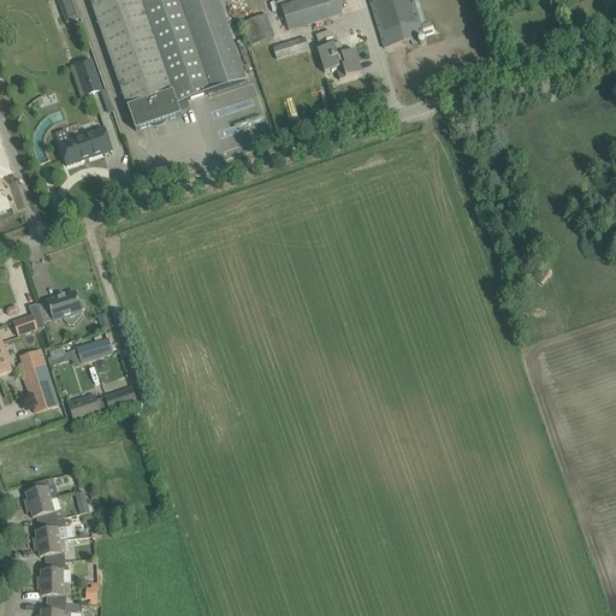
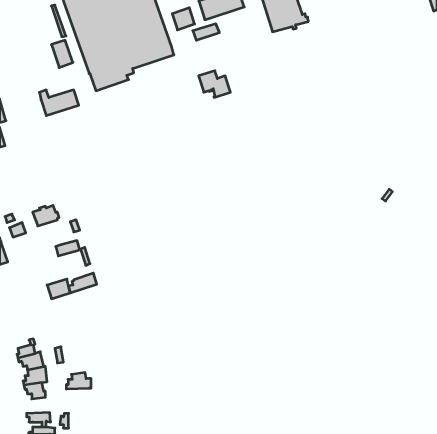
building: [316,40,361,77] -> [199,71,230,97]
building: [16,345,59,409] -> none
building: [37,558,72,581] -> [66,373,91,389]

